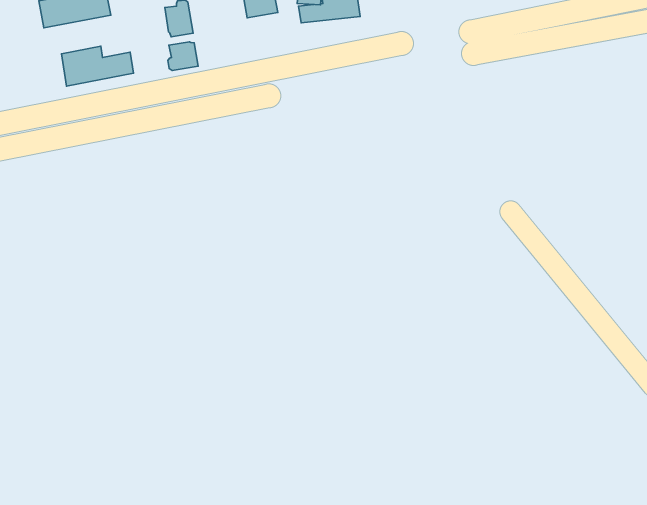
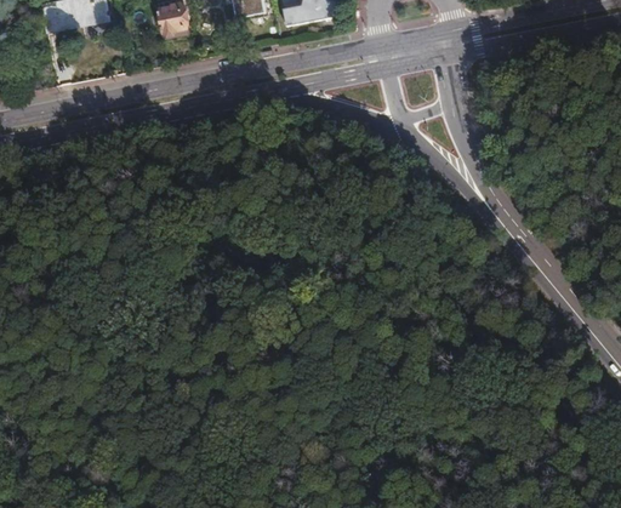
building: [168,42,198,70] -> none
building: [61,46,133,86] -> none

